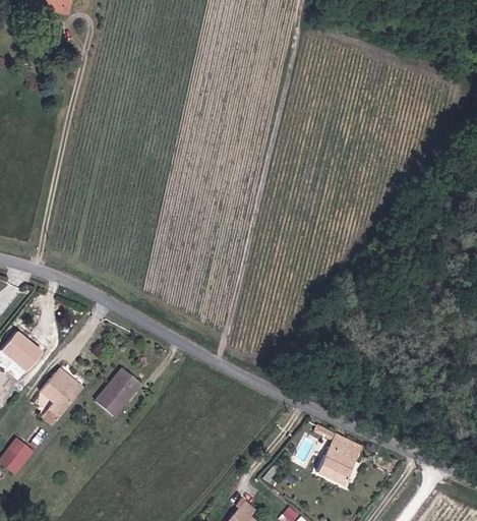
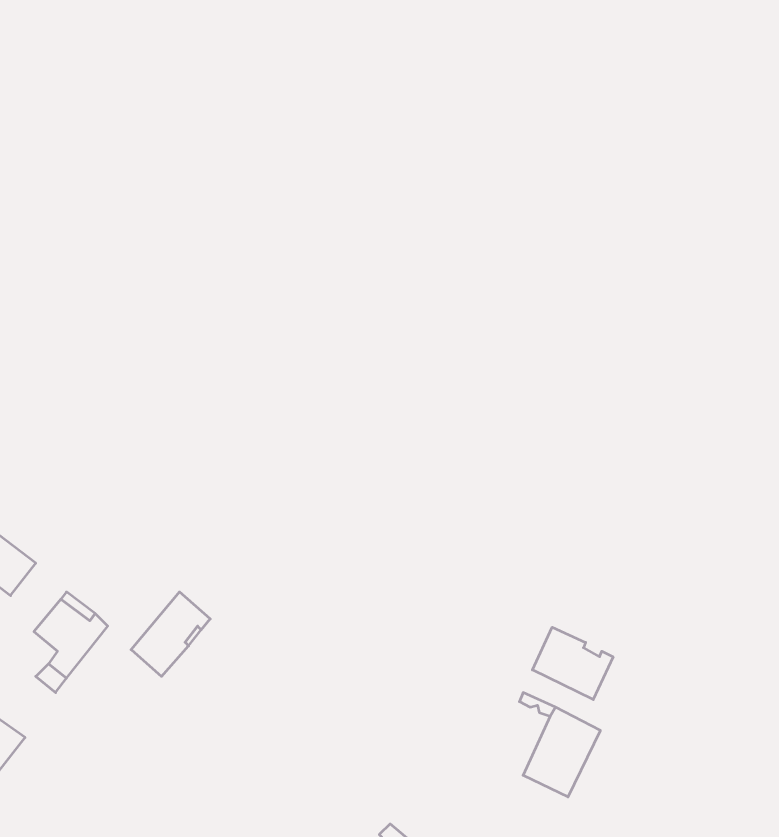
building: none -> [532,627,613,700]

